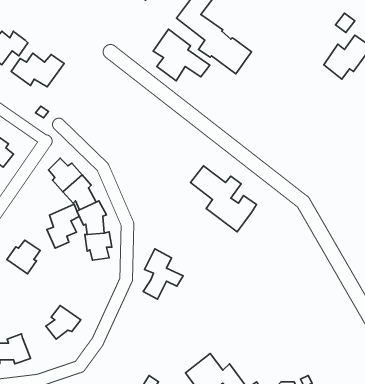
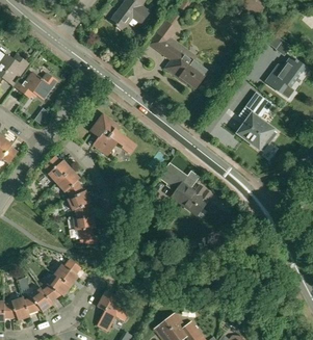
building: [153,29,210,81] -> [90,114,136,156]
building: none -> [237,98,278,152]
building: [47,204,79,248] -> none
building: [7,240,40,274] -> [54,259,81,286]
building: [143,249,183,299] -> [97,290,129,331]
building: none -> [24,288,53,314]

